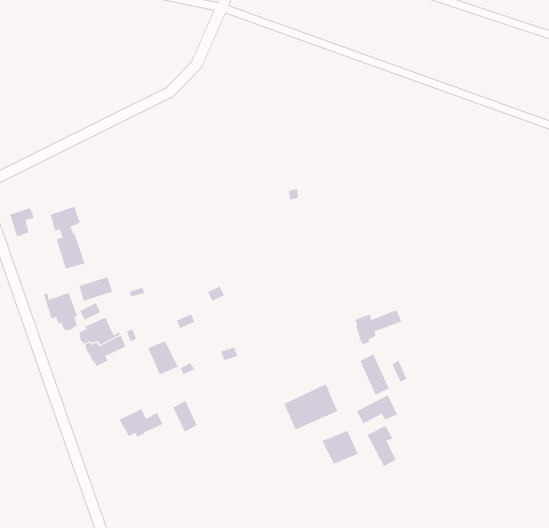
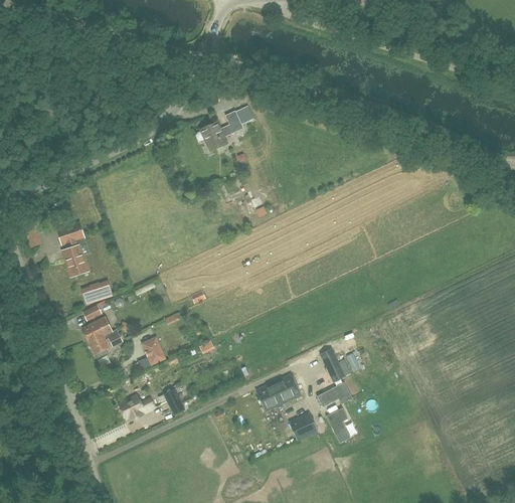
building: none -> [199,108,250,152]
building: [43,292,78,333] -> none
building: [355,310,402,345] -> none

